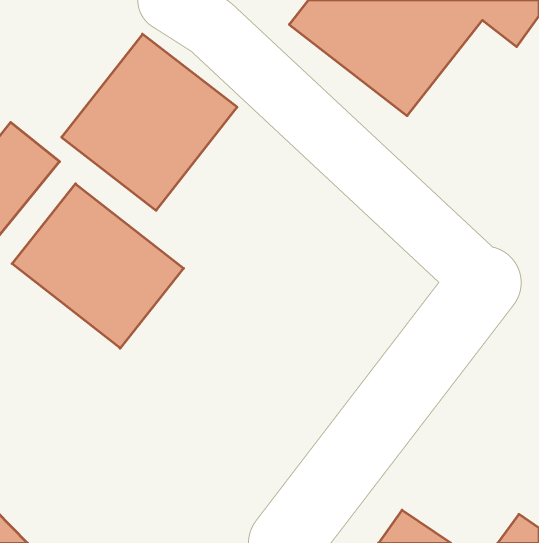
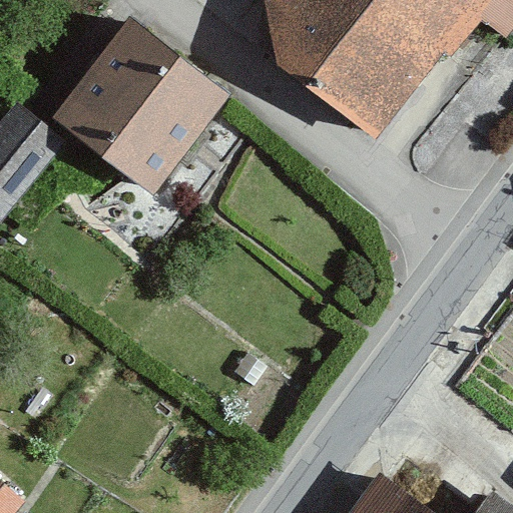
building: [12,184,184,348] -> none

